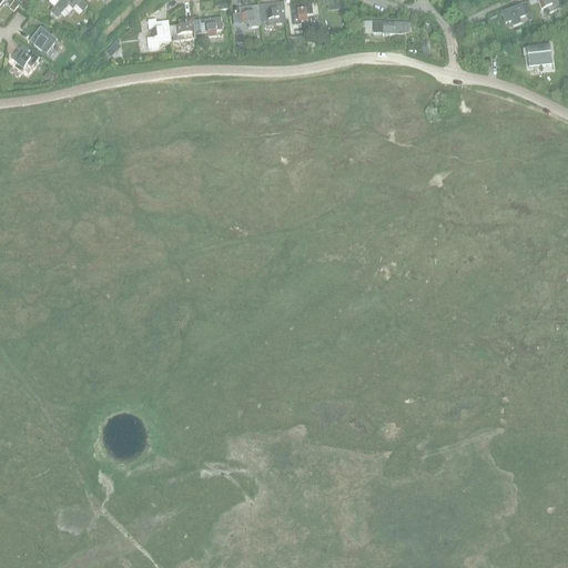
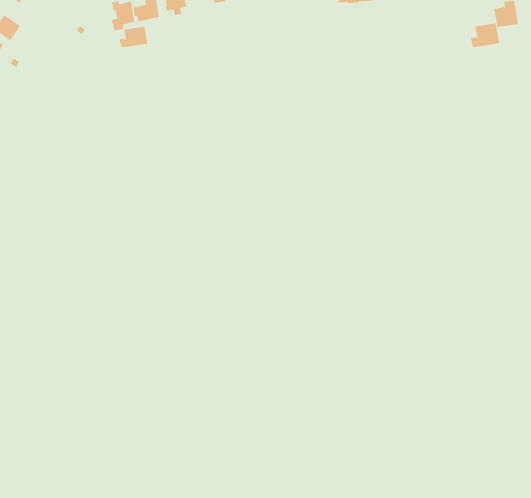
building: none -> [119,26,148,48]
building: none -> [471,22,500,48]

